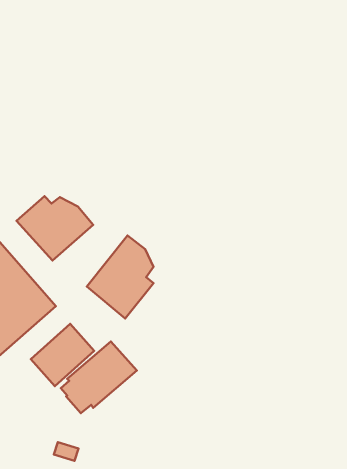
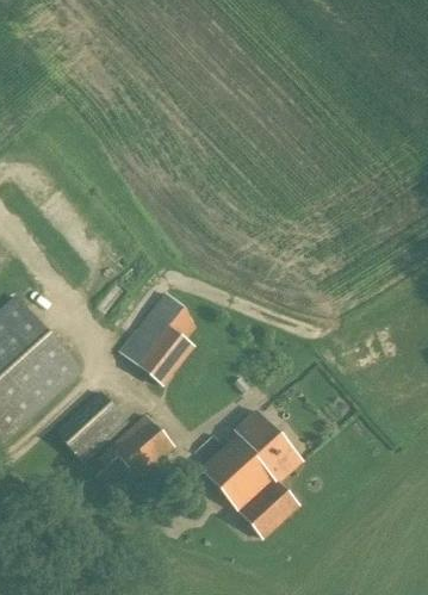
building: [16,196,93,260] -> none
building: none -> [201,409,303,538]

